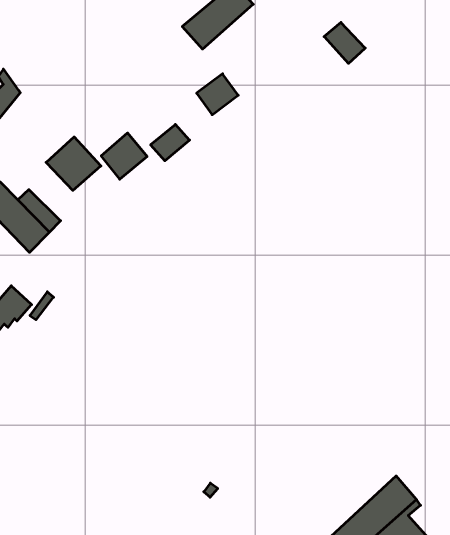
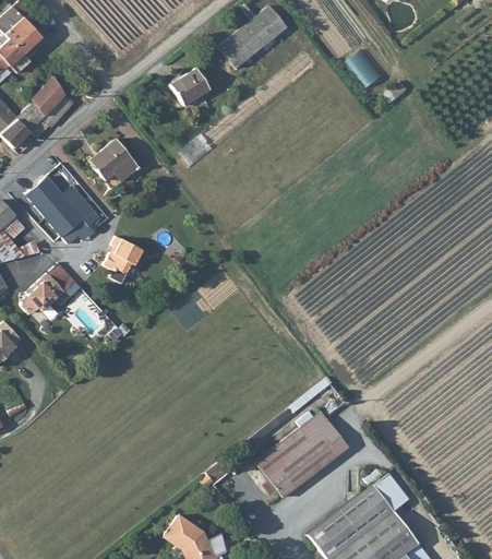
building: [197,74,238,115] -> [167,66,205,103]
building: [101,133,147,179] -> none
building: none -> [101,235,140,272]
building: none -> [256,411,348,495]

